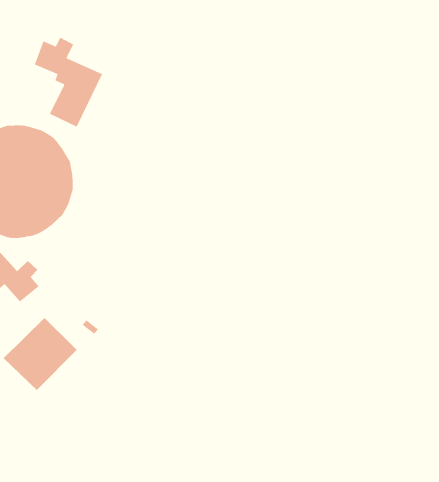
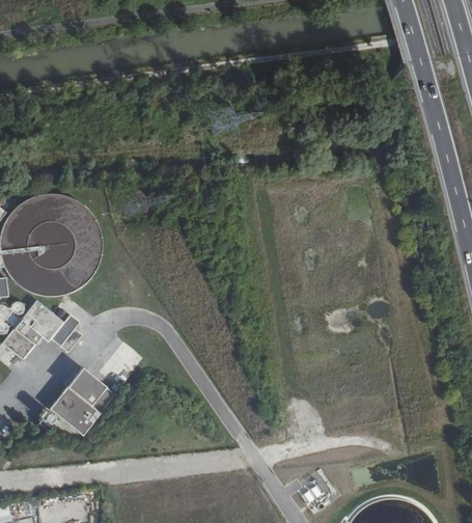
building: [34,37,103,127] -> none

